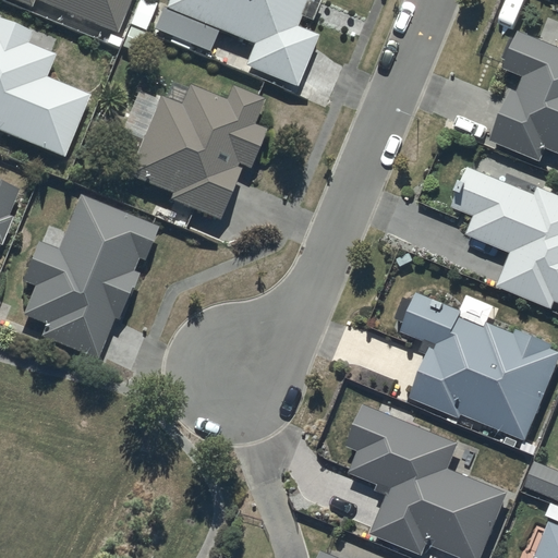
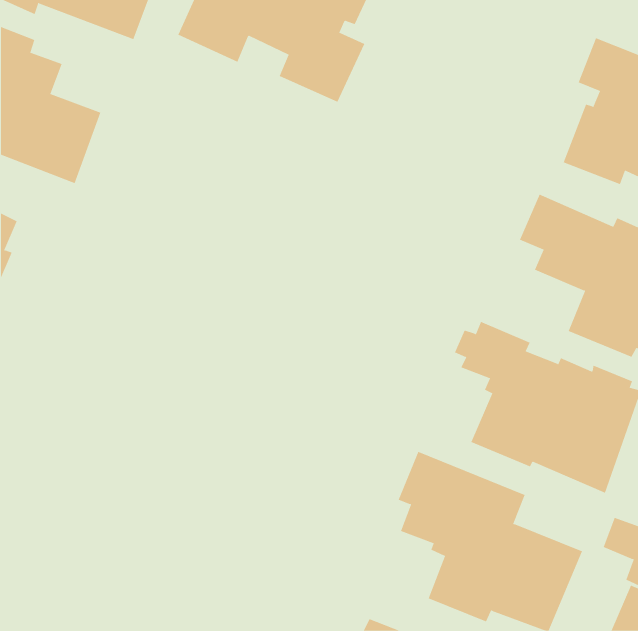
building: [121,87,268,221] -> none
building: [22,196,158,363] -> none

